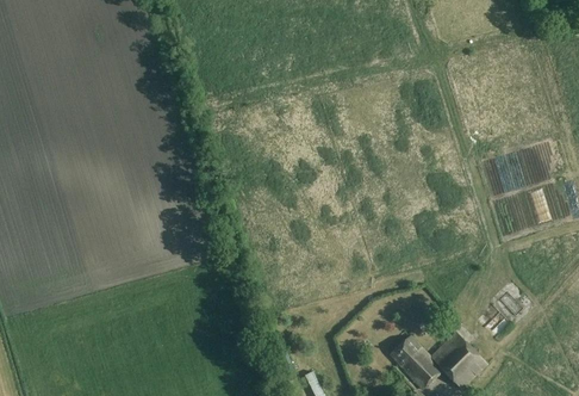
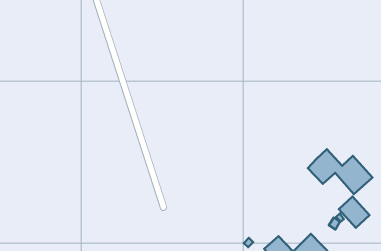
building: none -> [308,149,372,194]

